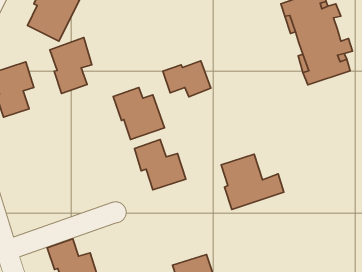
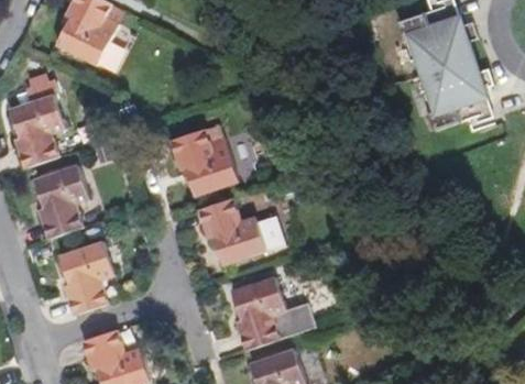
building: [50,37,92,94] -> [32,164,88,239]
building: [163,61,211,97] -> none
building: [221,154,284,210] -> [230,276,314,350]
building: none -> [58,241,114,315]

